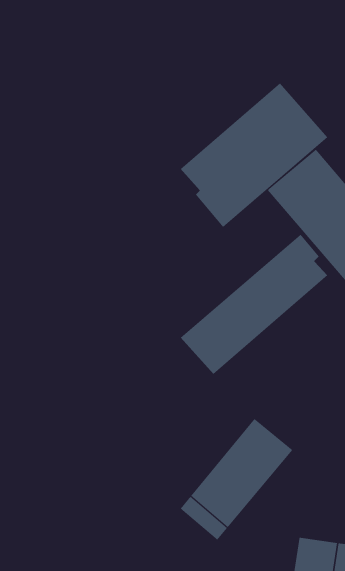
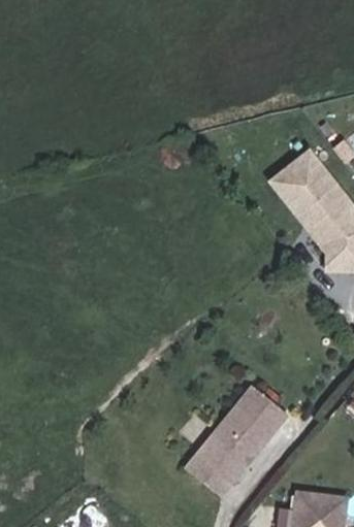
building: [180,82,328,228] -> none
building: [180,234,328,375] -> none

